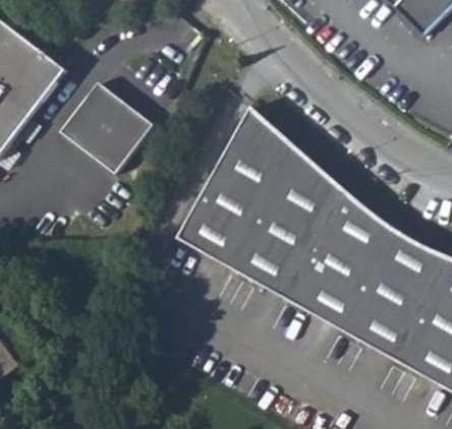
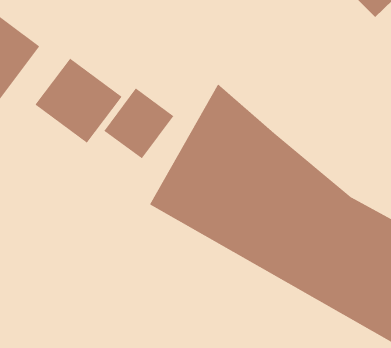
building: none -> [103,88,174,159]

